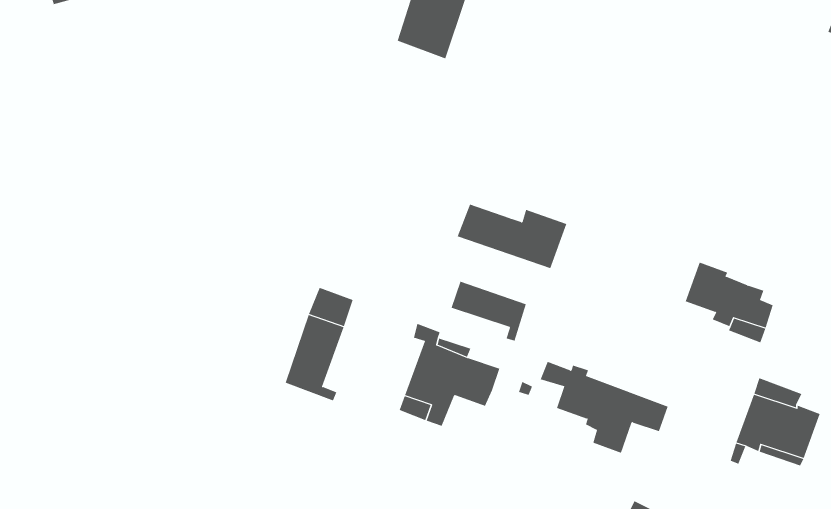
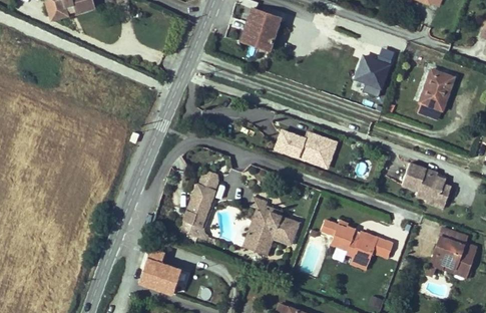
building: none -> [353,51,392,98]
building: none -> [418,72,453,118]
building: [451,281,527,341] -> none
building: none -> [138,248,179,293]

